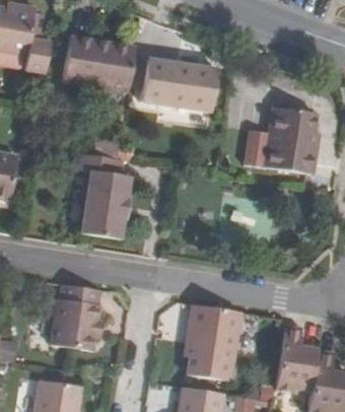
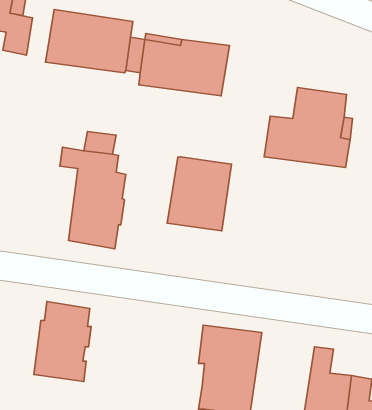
building: none -> [167,157,231,231]

